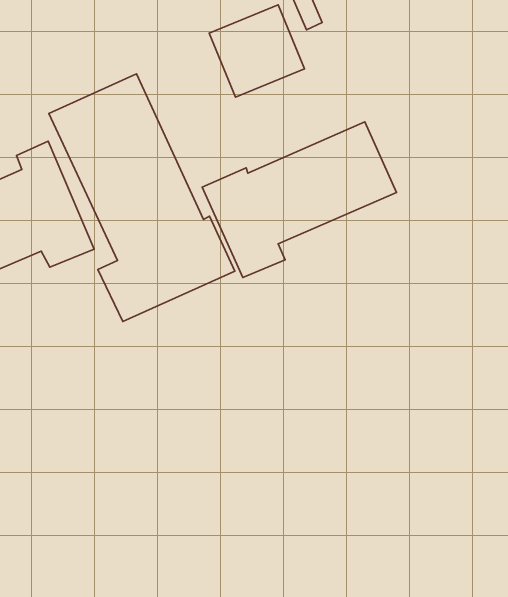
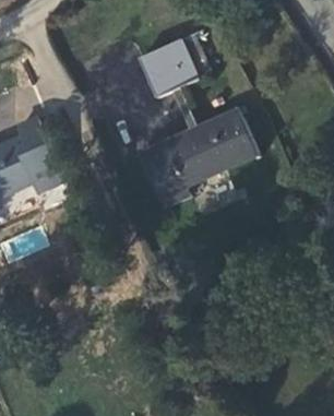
building: [49,74,235,322] -> none

